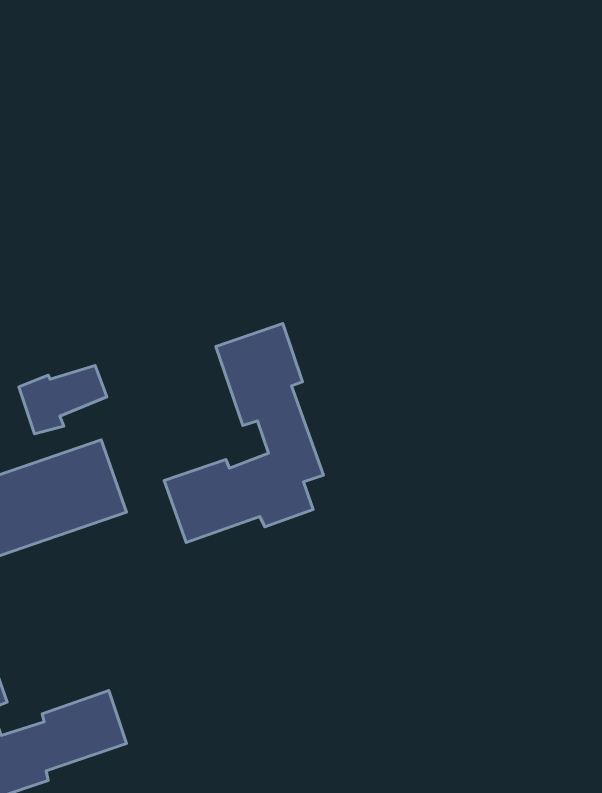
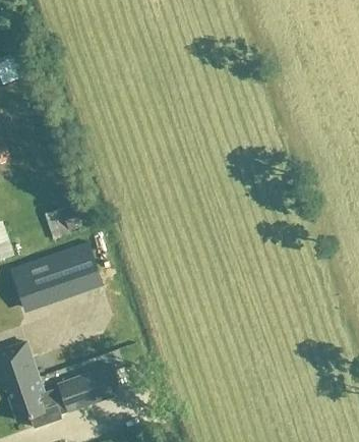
building: [164,324,324,542] -> none

